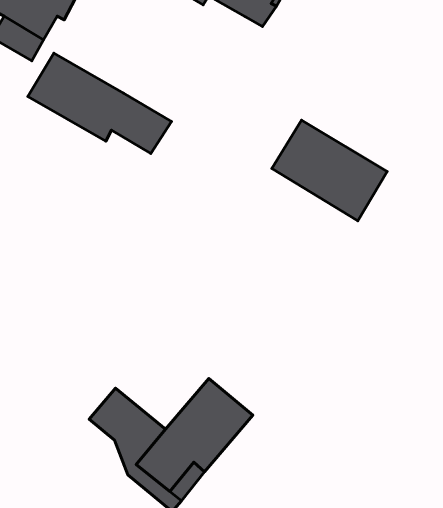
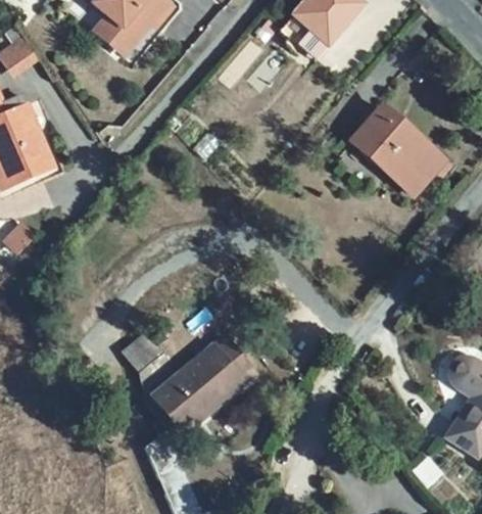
building: [28,53,171,154] -> none
building: [272,120,387,221] -> [351,106,444,195]

